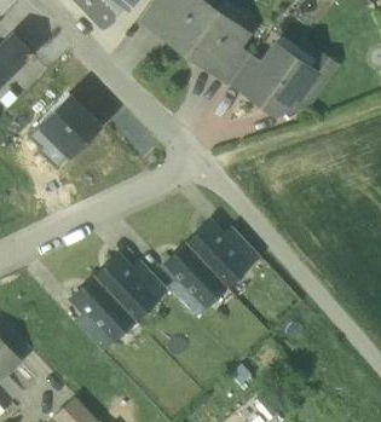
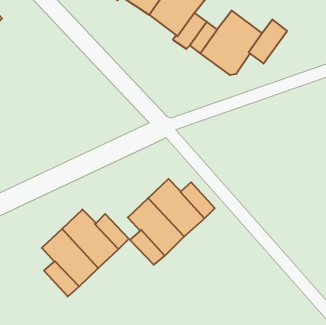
building: [39,94,99,154] -> none

